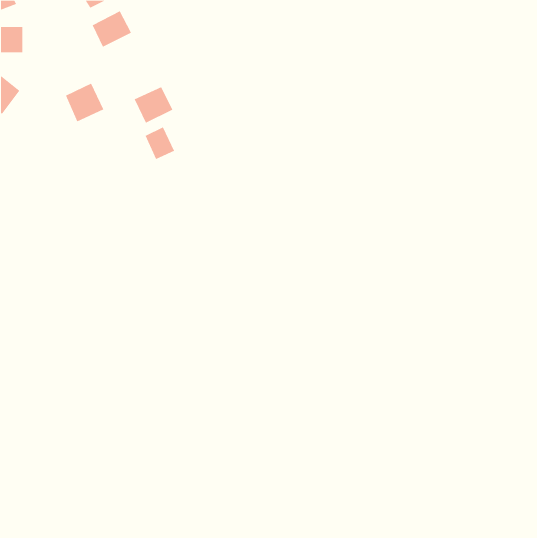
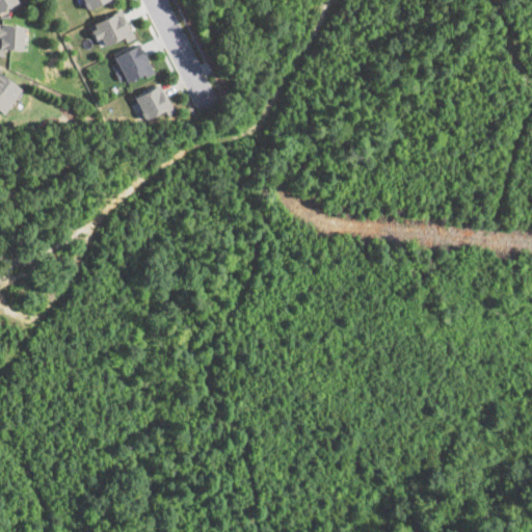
building: [65,83,104,122] -> [114,45,153,83]
building: [145,126,175,160] -> none

